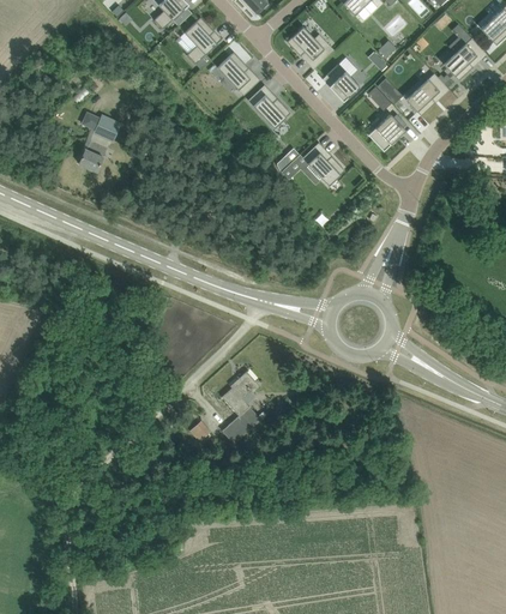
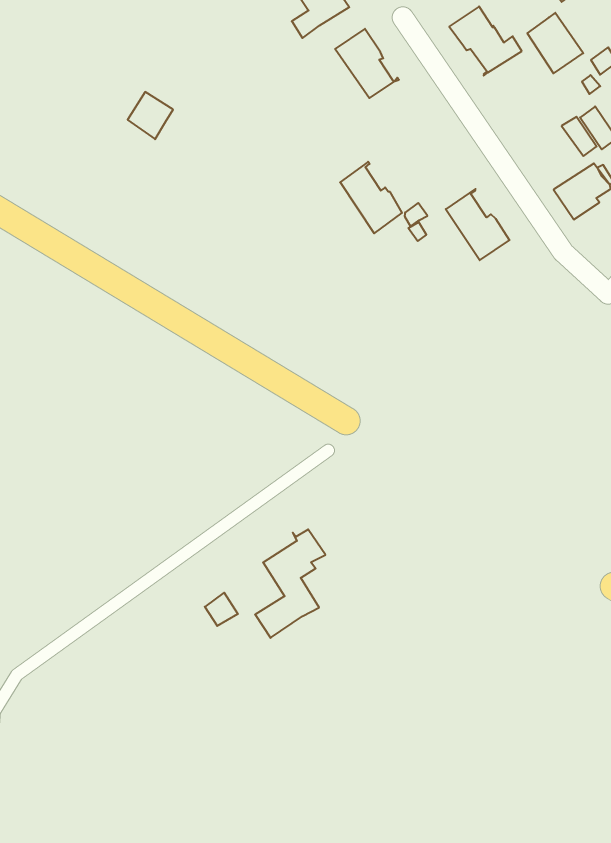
building: [321,64,359,102] -> [527,13,583,73]
building: [247,84,289,128] -> [340,162,402,233]
building: [78,139,107,171] -> none

